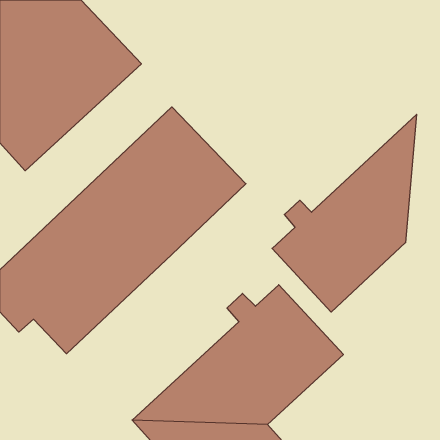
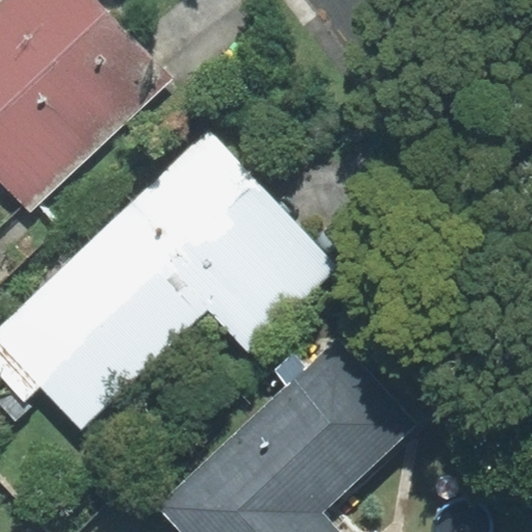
building: [272,114,417,312] -> none
building: none -> [207,222,338,351]

